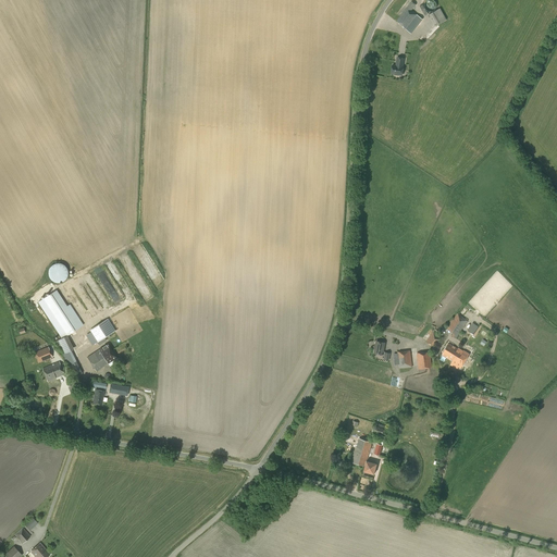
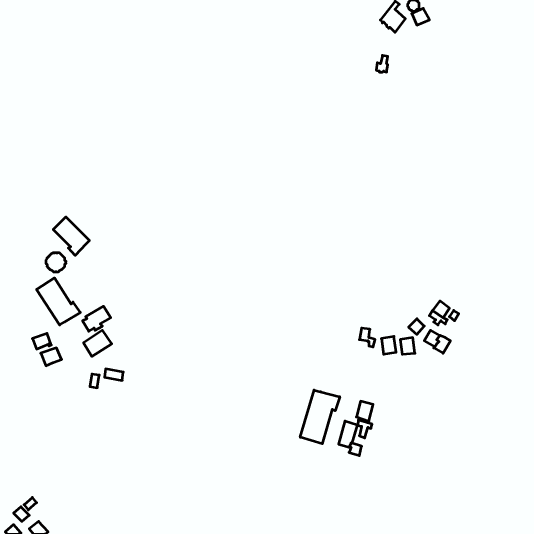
building: none -> [53,217,89,255]
building: none -> [300,390,340,444]

